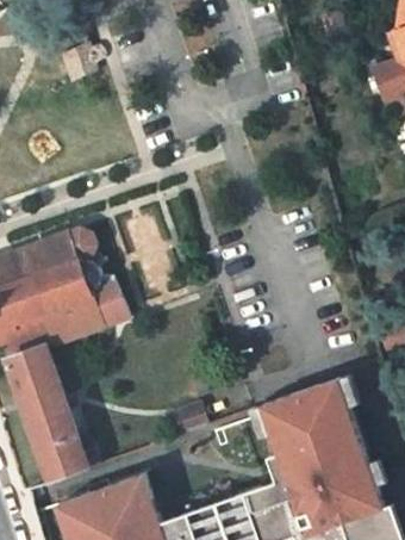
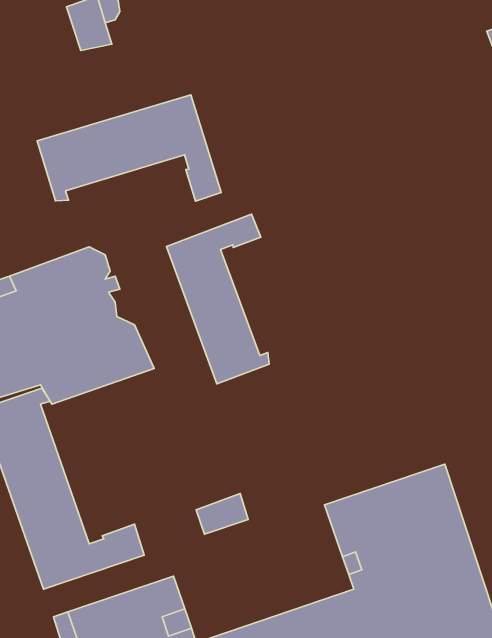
building: none -> [37,95,221,201]
building: none -> [166,214,269,384]

